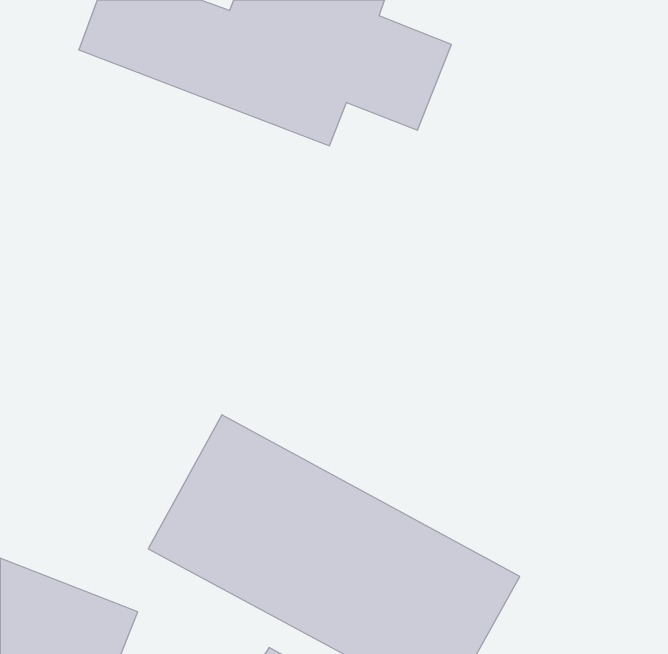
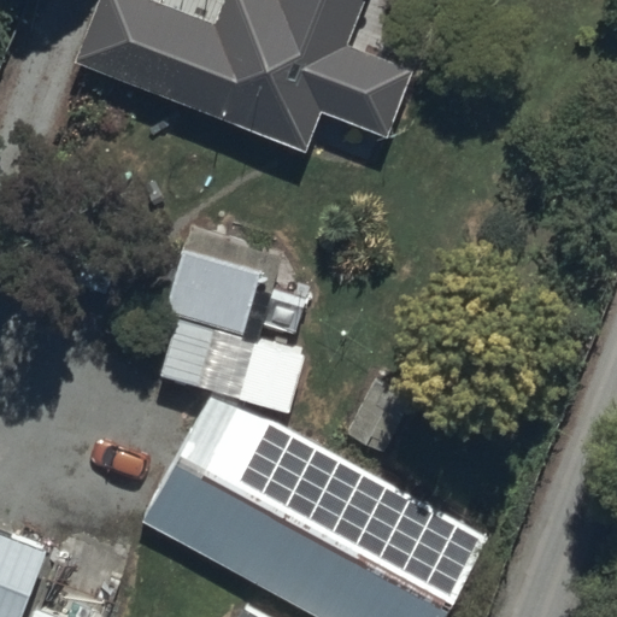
building: none -> [128,298,308,409]

